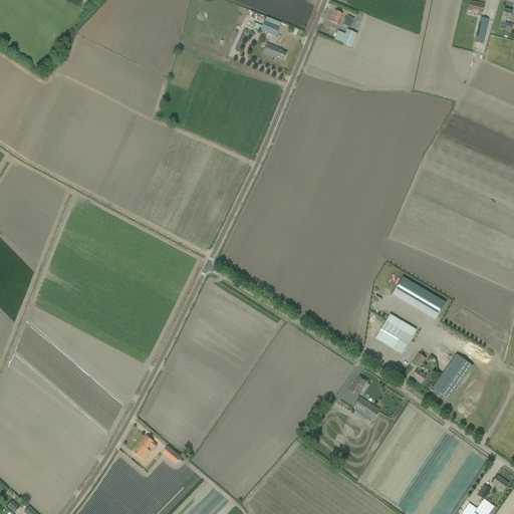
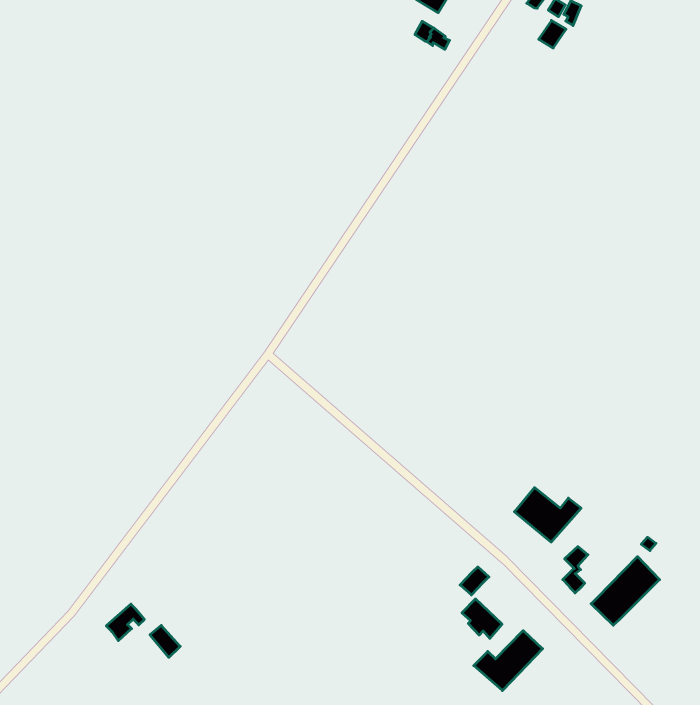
building: [393,275,446,318] -> none
building: none -> [474,631,543,691]

